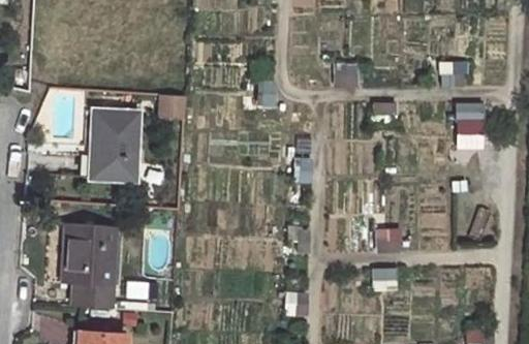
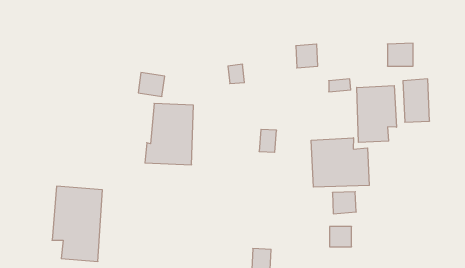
building: none -> [357,86,396,142]
building: [84,111,138,180] -> [145,103,193,165]
building: none -> [311,138,369,187]

